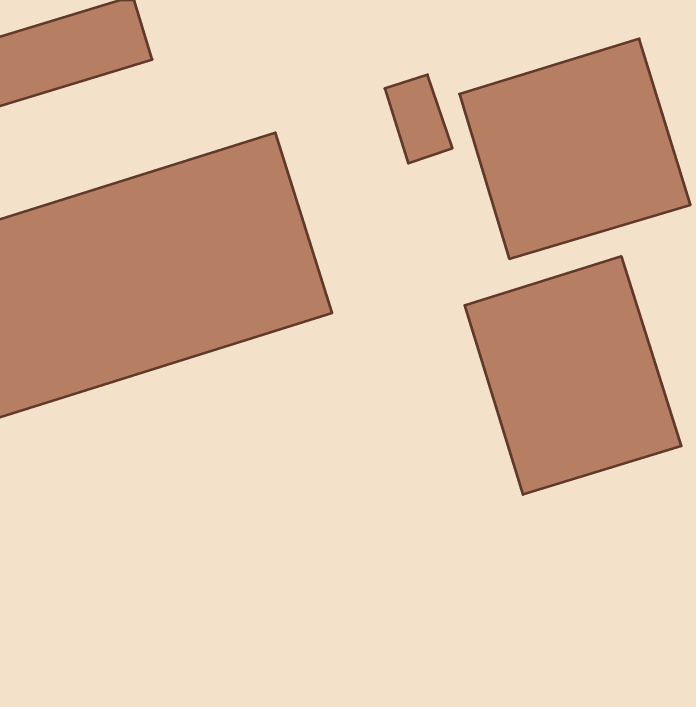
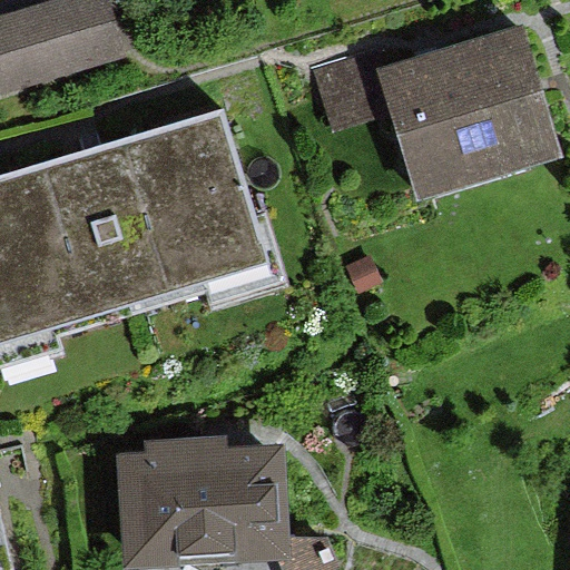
building: [465,256,681,495] -> none
building: none -> [127,444,291,554]

